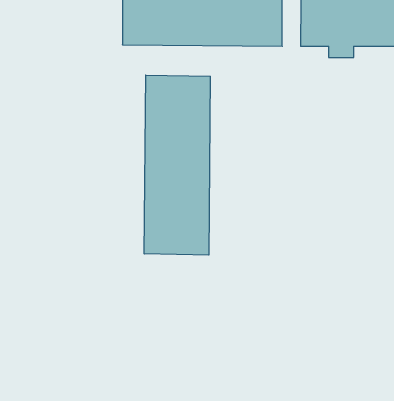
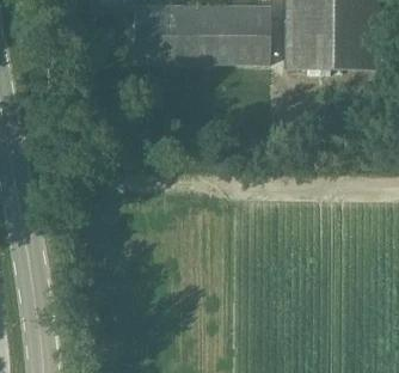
building: [144,75,210,255] -> none

